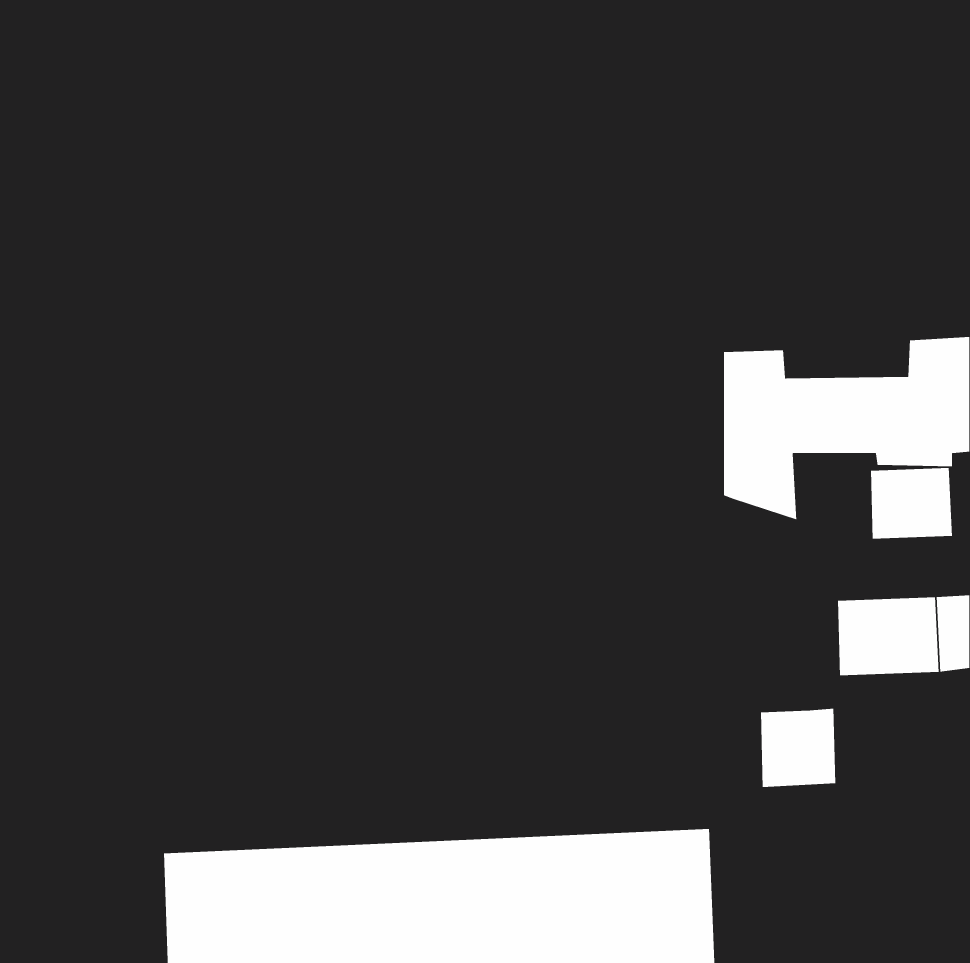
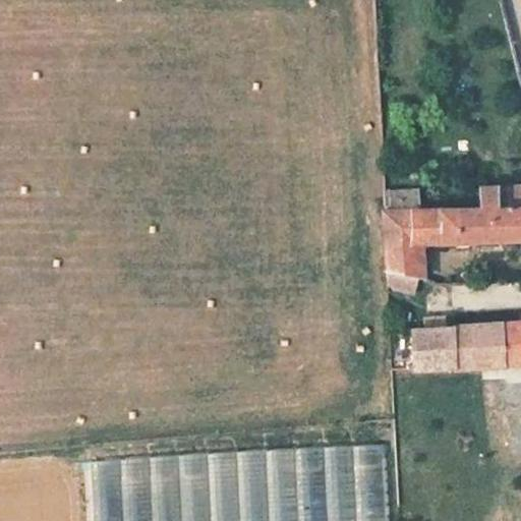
building: [870,467,953,540] -> none
building: [760,708,836,788] -> [409,326,450,368]

